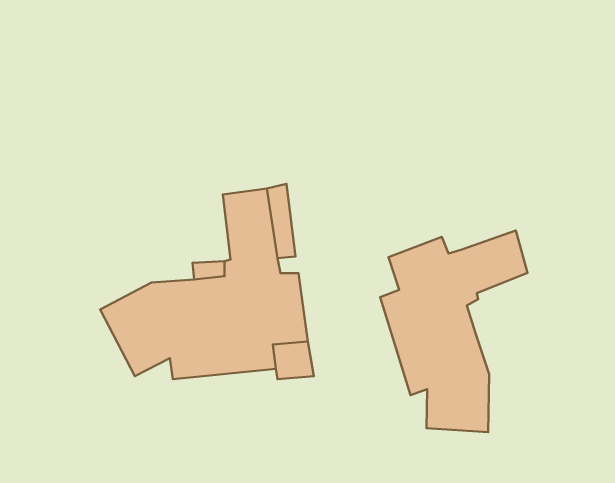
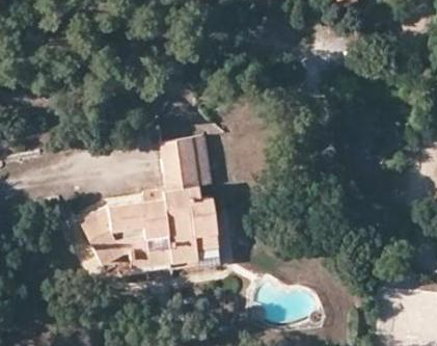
building: [380,230,528,432] -> none

